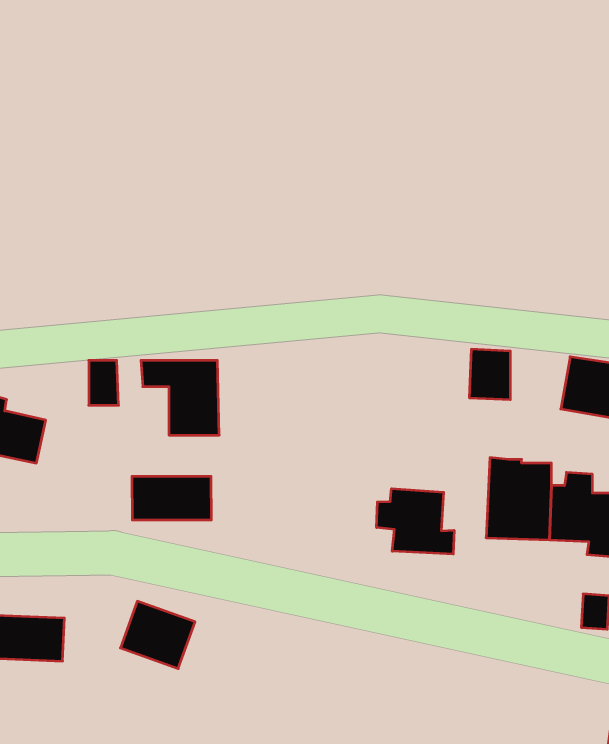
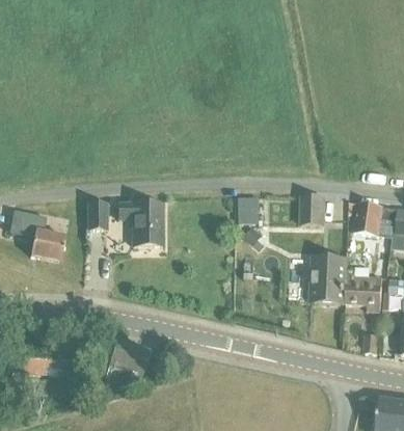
building: none -> [240,190,261,218]
building: [132,476,211,520] -> none
building: [377,489,454,554] -> none

